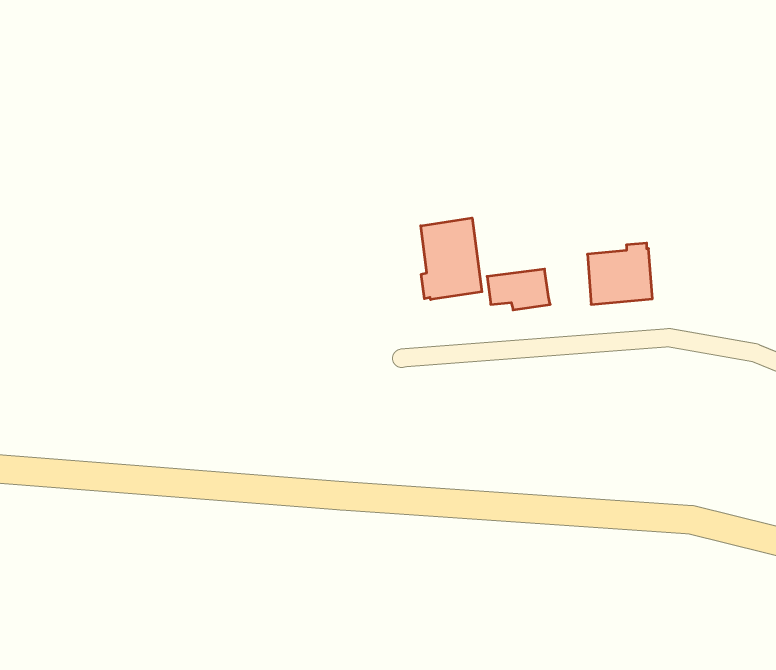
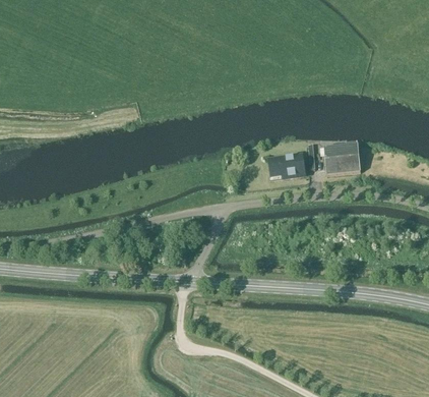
building: [421,218,482,300] -> none

